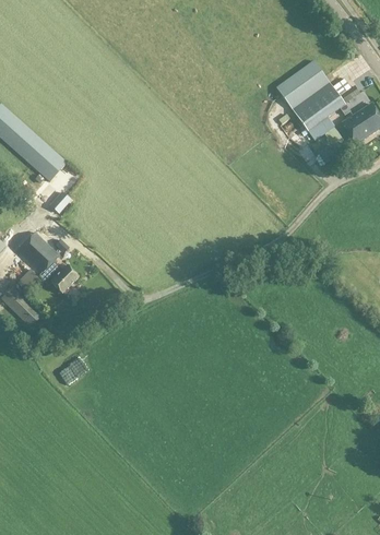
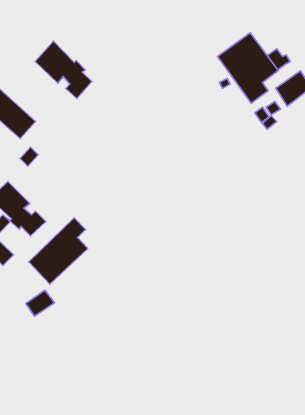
building: none -> [35,41,92,99]
building: none -> [29,218,87,284]

